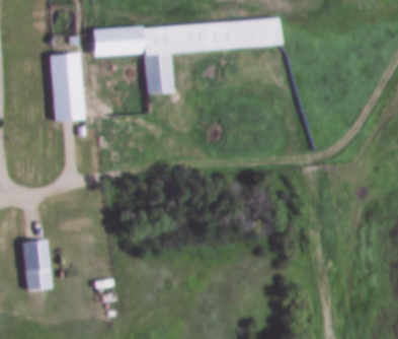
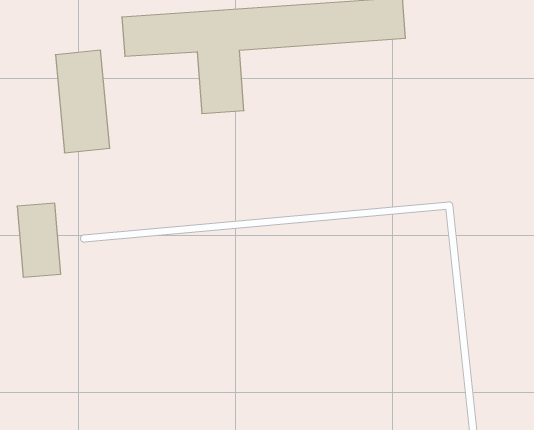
building: [22,240,52,289] -> [17,203,61,277]

